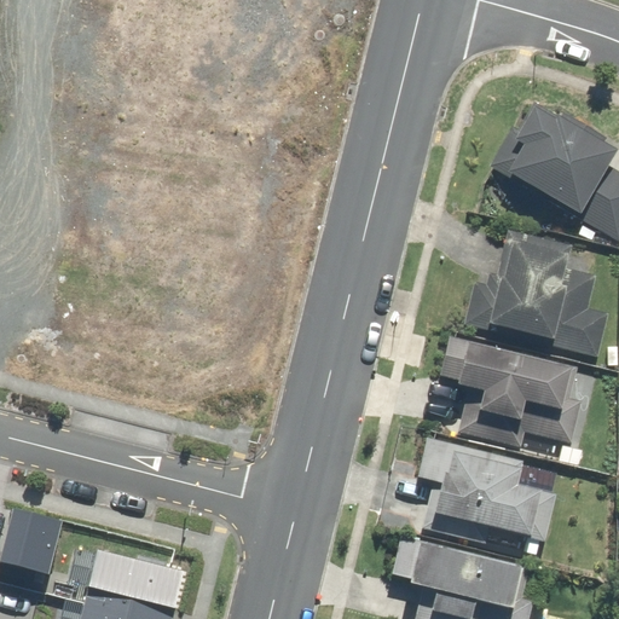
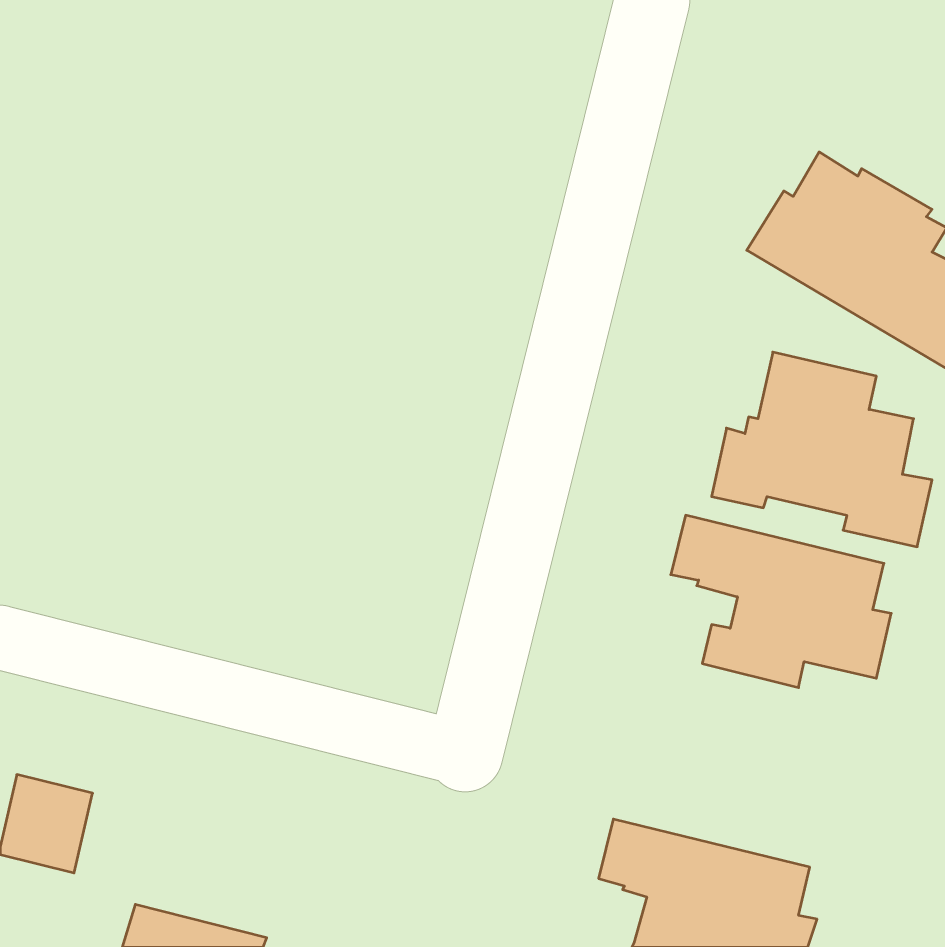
building: [416,438,557,544] -> none
building: [89,553,185,612] -> none

